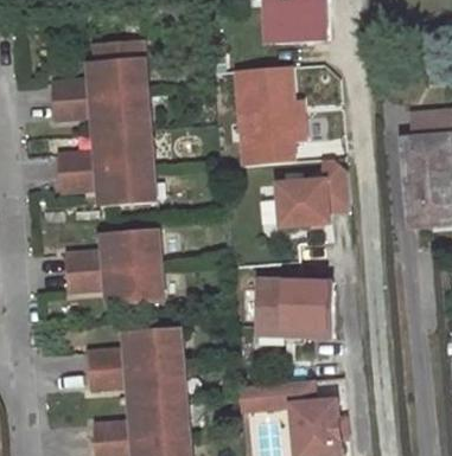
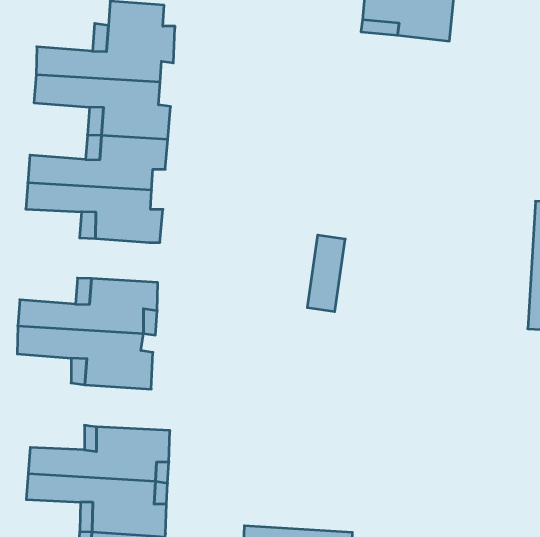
building: [235,63,306,162] -> none
building: [280,155,351,224] -> none
building: [259,278,331,333] -> none

